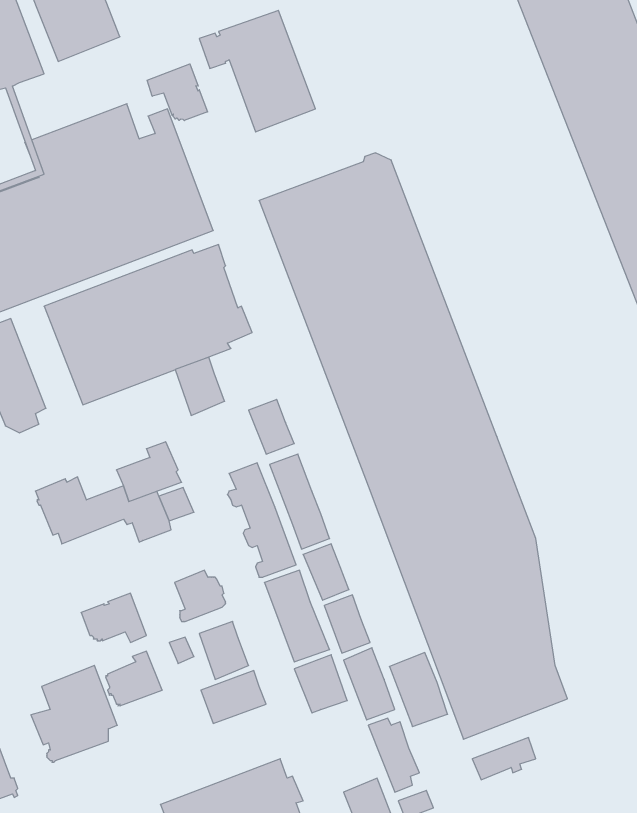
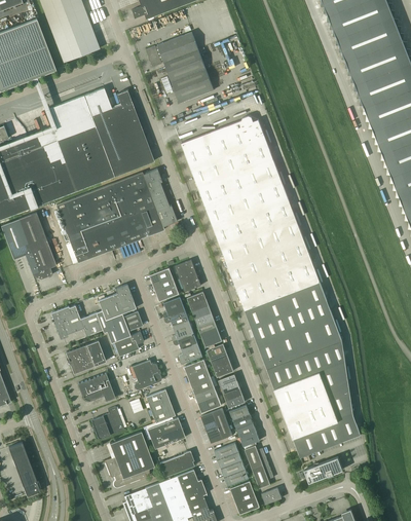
building: [147,64,208,121] -> none
building: [175,357,225,415] -> [150,268,179,302]
building: none -> [113,332,144,357]
building: none -> [66,340,106,374]
building: [389,653,448,727] -> [215,443,249,486]
building: [31,665,117,762] -> [104,432,154,488]
building: none -> [159,451,194,477]

